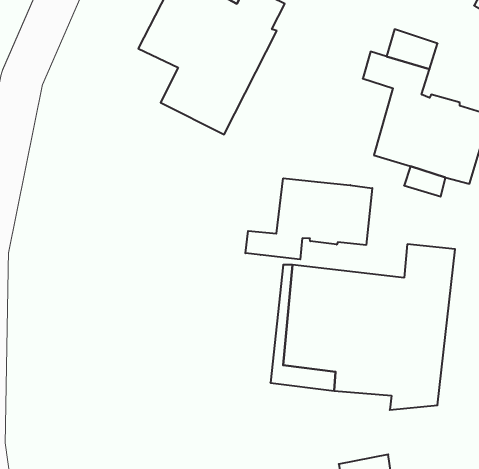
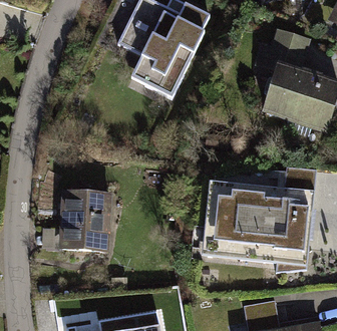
building: [245,178,372,259] -> none
building: none -> [62,192,107,249]

